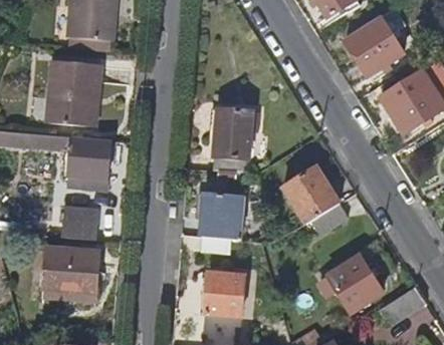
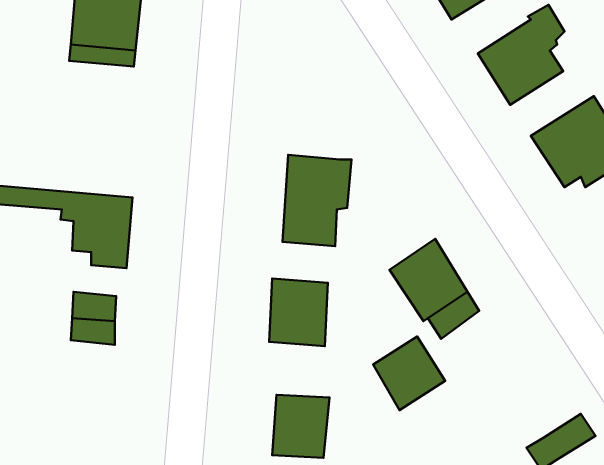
building: [29,58,99,123] -> none
building: [44,249,97,301] -> none
building: [334,262,383,312] -> [373,337,445,410]

